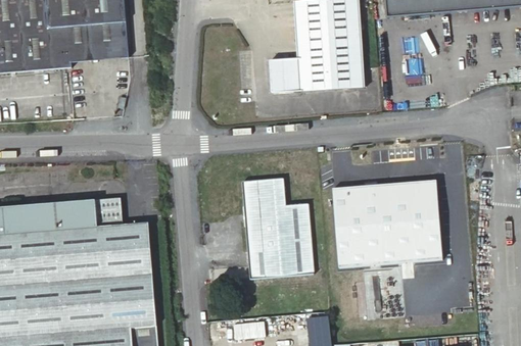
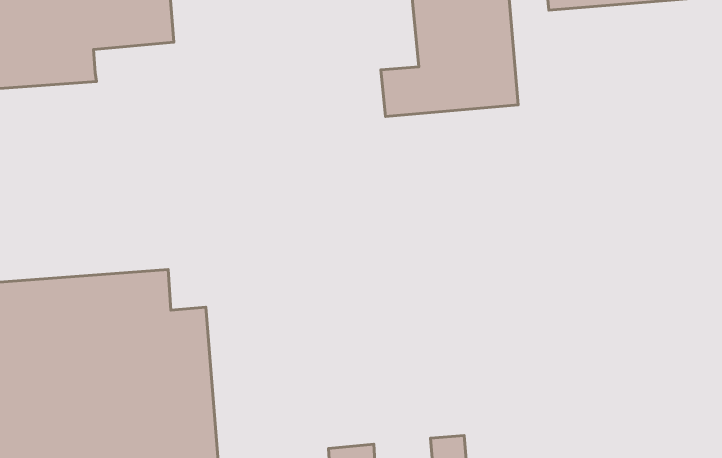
building: [68,40,126,61] -> none
building: [243,177,314,277] -> none
building: [335,180,445,267] -> none

